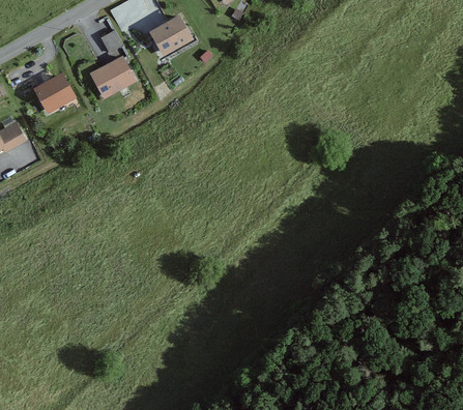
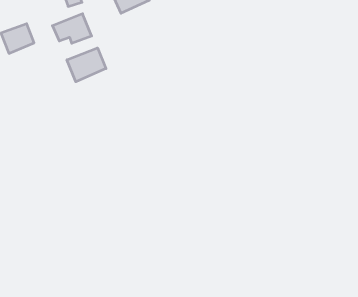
building: none -> [67,48,106,82]

